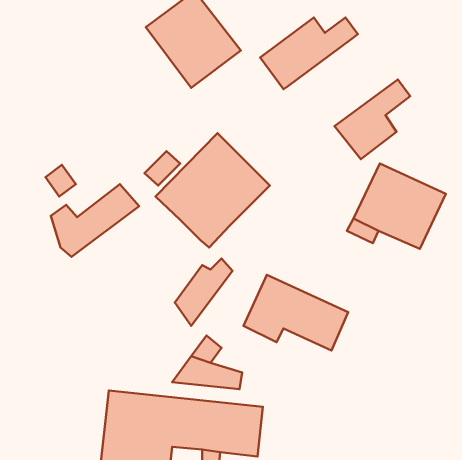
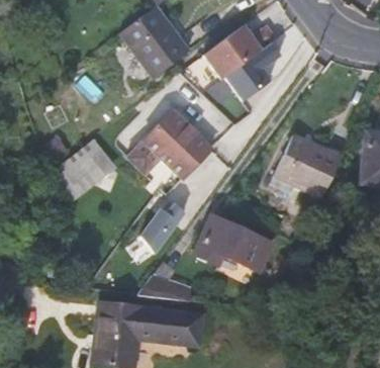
building: [335,80,410,159] -> [225,41,281,100]

